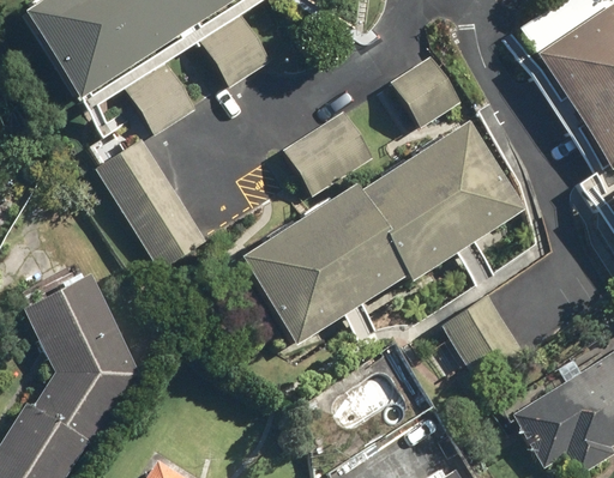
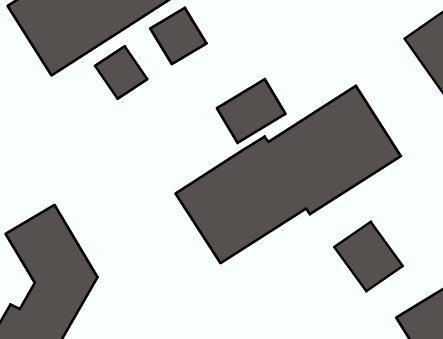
building: [391,47,466,126] -> none
building: [96,137,210,270] -> none

